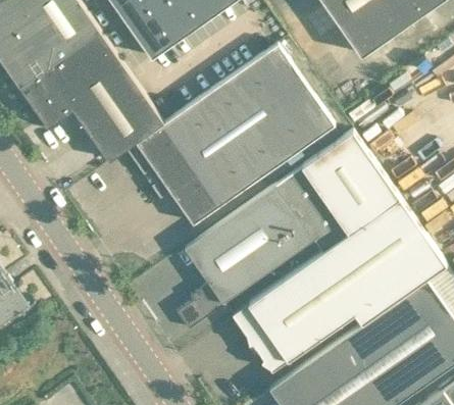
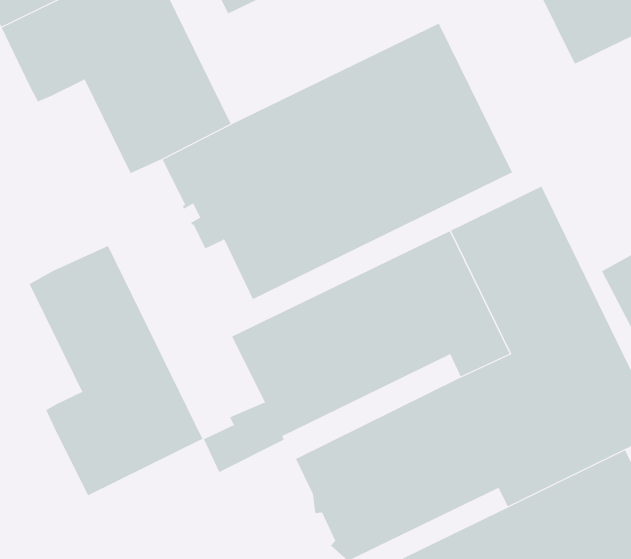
building: none -> [29,245,203,496]

